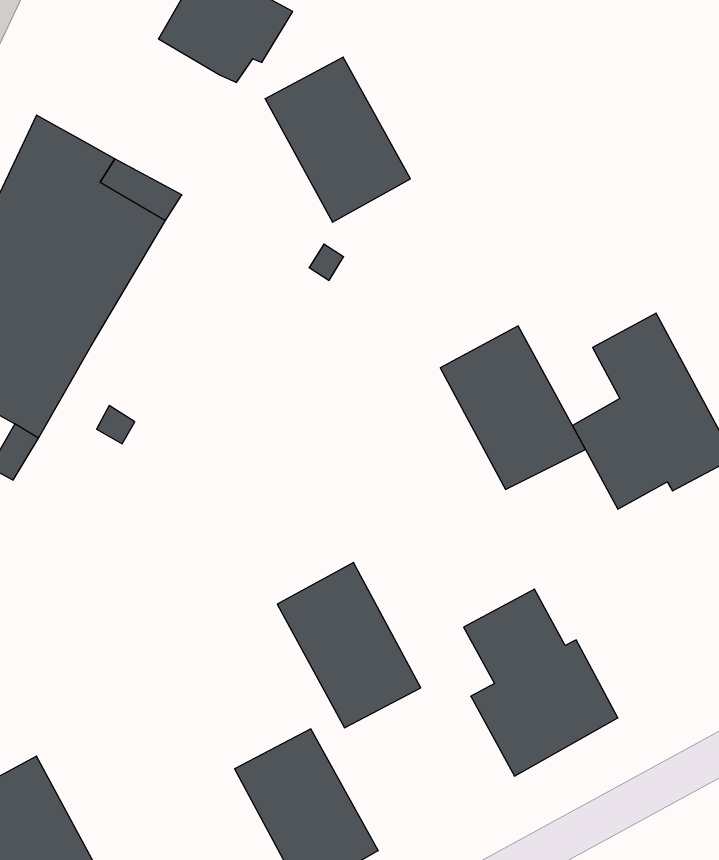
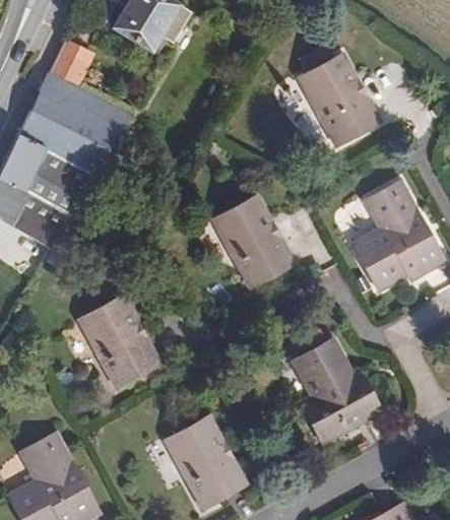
building: none -> [52,38,95,85]
building: [265,57,410,222] -> [298,55,379,147]
building: [440,326,586,489] -> [212,196,294,287]
building: [277,562,421,728] -> [76,294,156,386]

